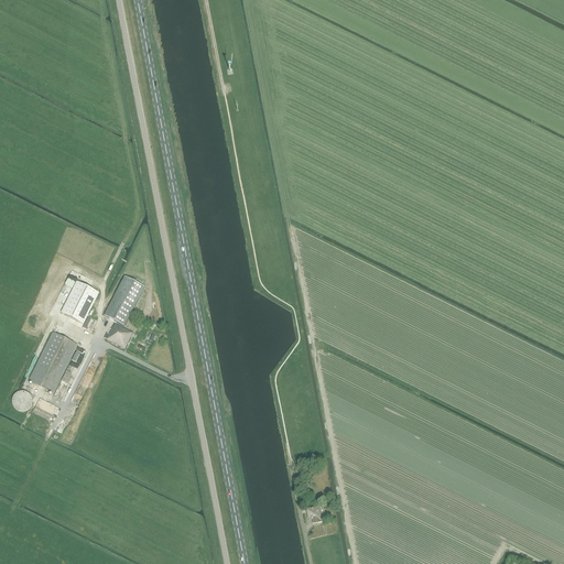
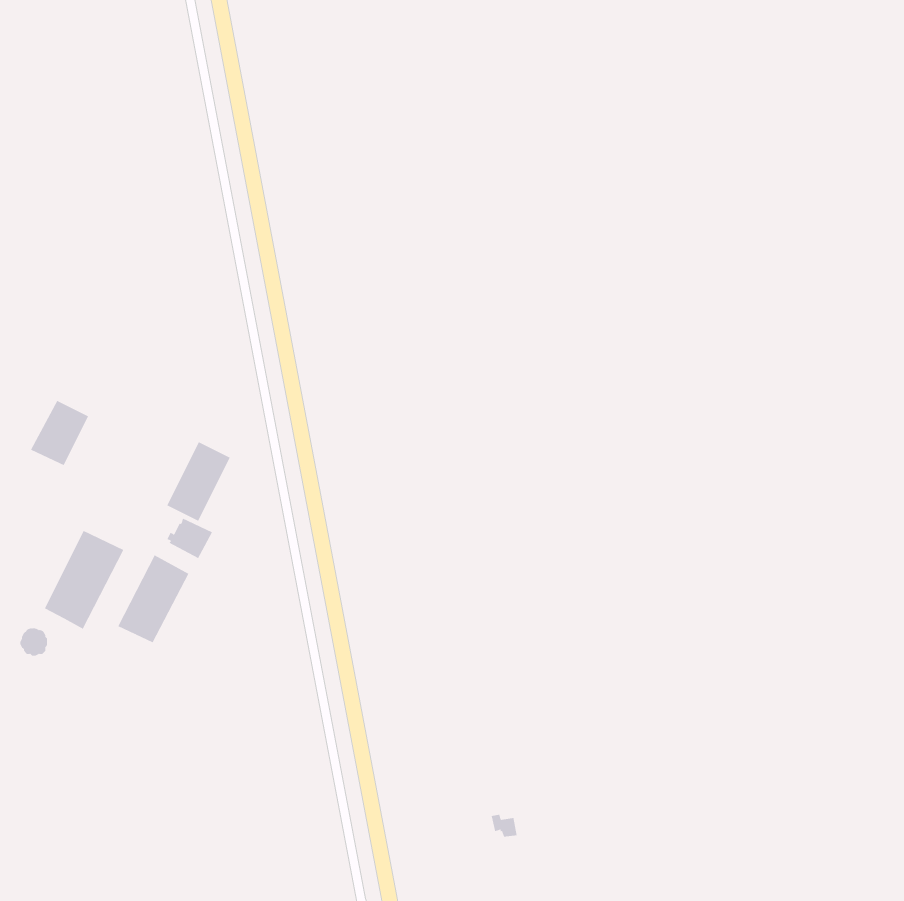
building: [61,280,97,321] -> [30,400,89,466]
building: none -> [118,554,189,643]

